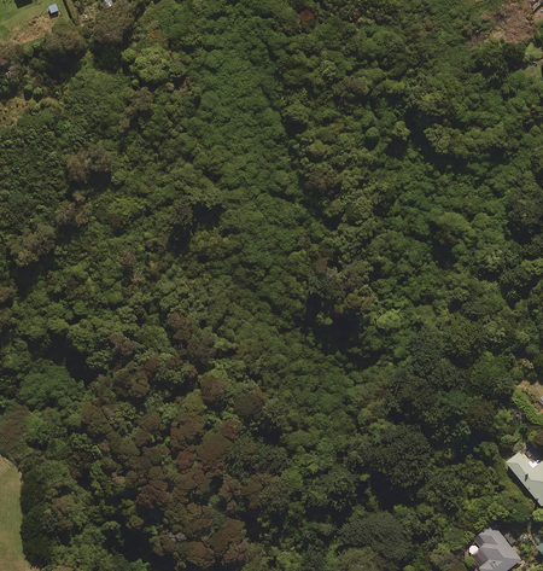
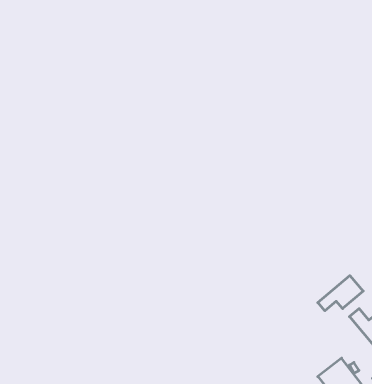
building: none -> [318,276,363,311]

